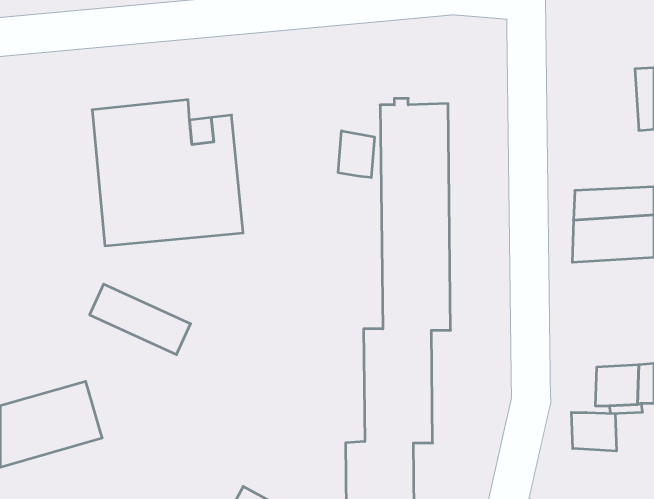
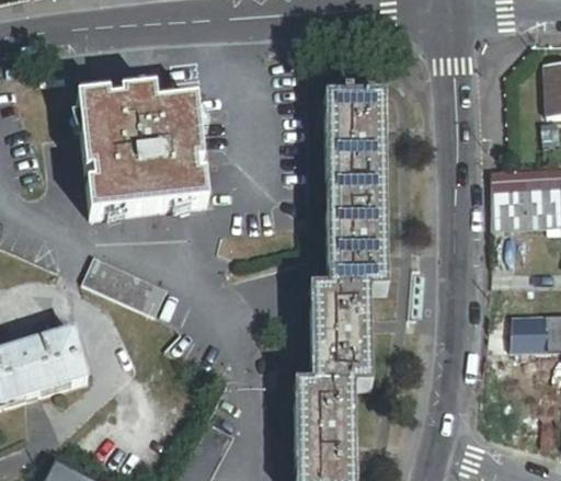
building: [338,131,374,178] -> none
building: [571,412,616,451] -> none

